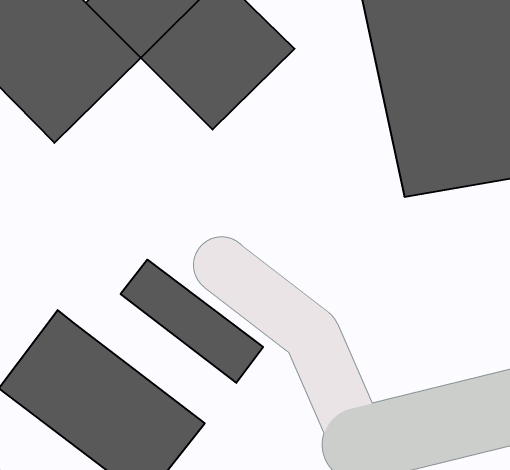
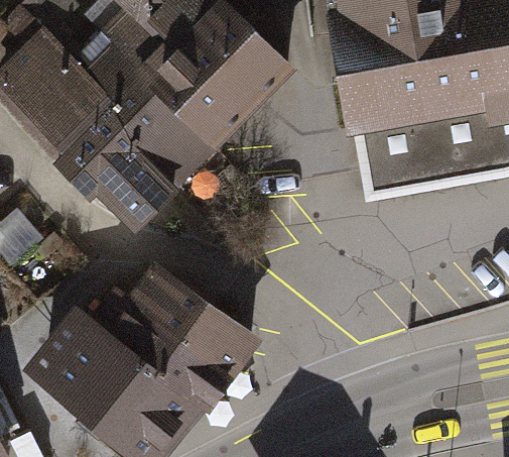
building: none -> [71,80,213,221]
building: none -> [90,283,234,409]

